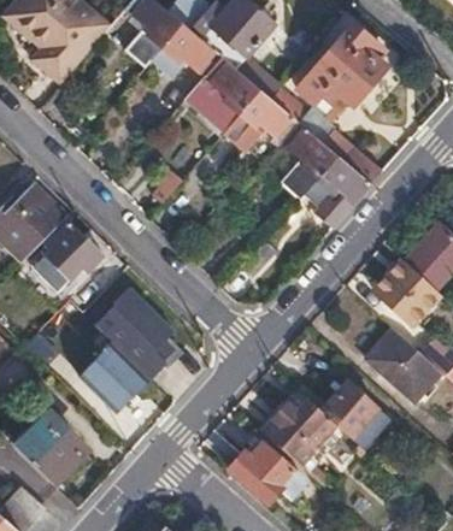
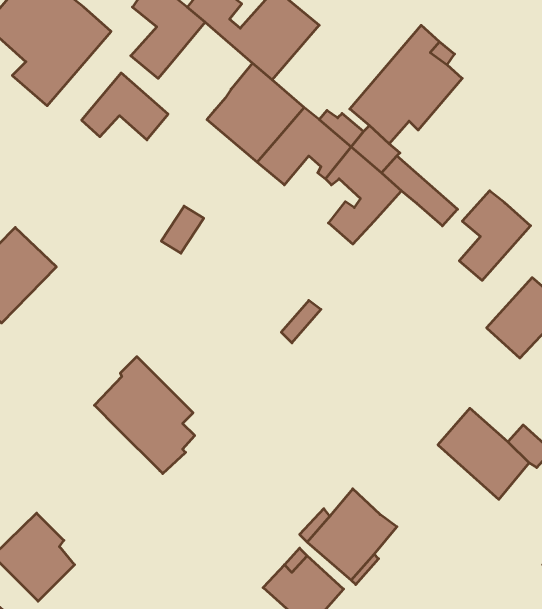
building: [152,22,220,75] -> [82,73,168,140]
building: [314,155,371,226] -> [459,191,531,280]
building: [31,222,104,287] -> none
building: [376,261,440,323] -> none
building: [81,343,147,409] -> none
building: [322,383,383,448] -> none

